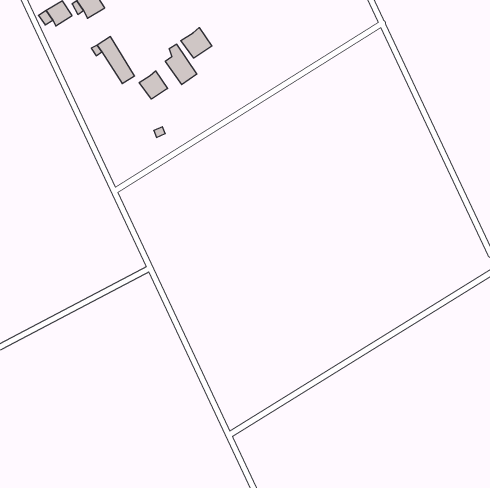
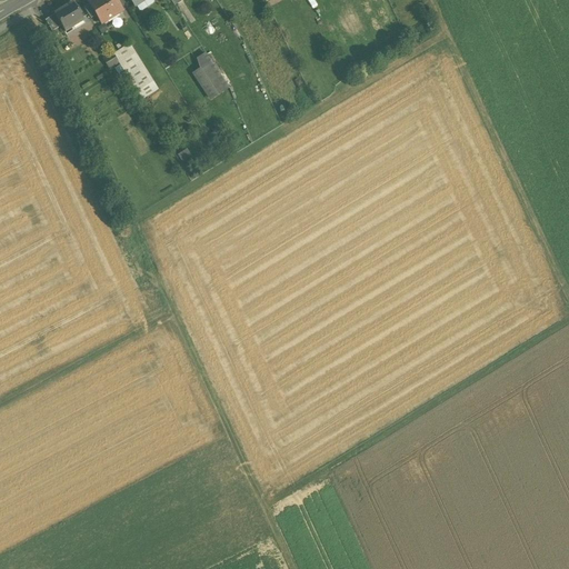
building: [181,28,212,58] -> none
building: [139,71,168,99] -> none

